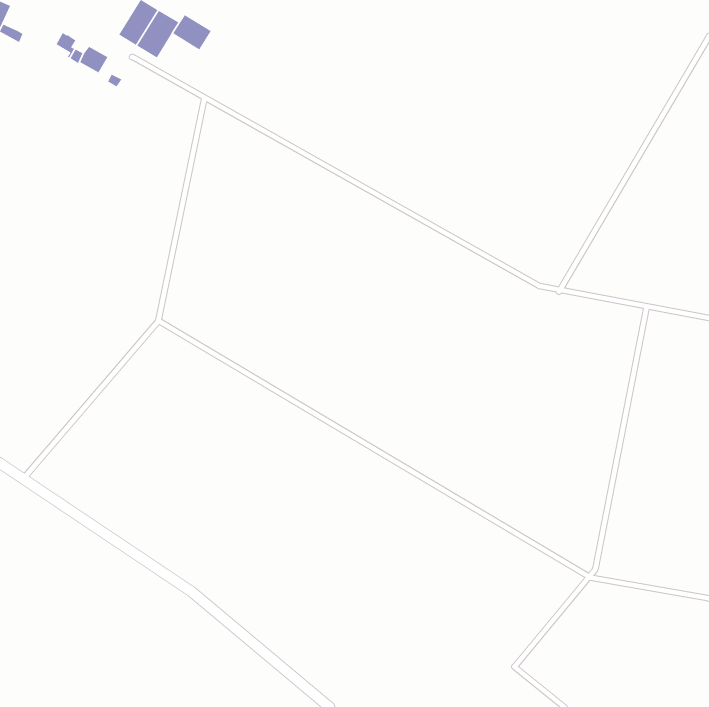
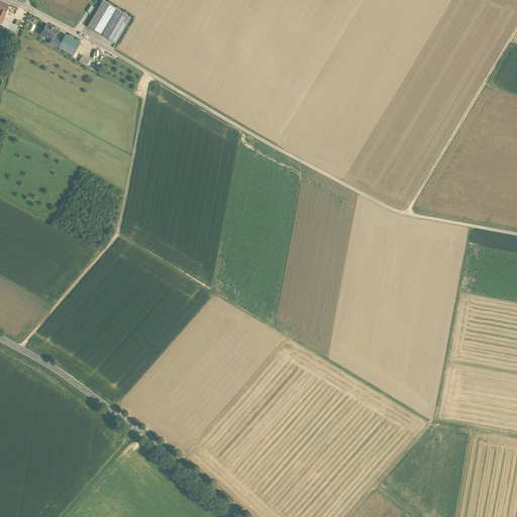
building: [172,14,212,50] -> none

